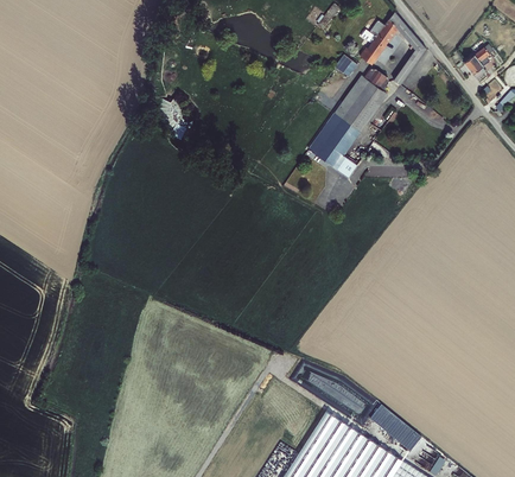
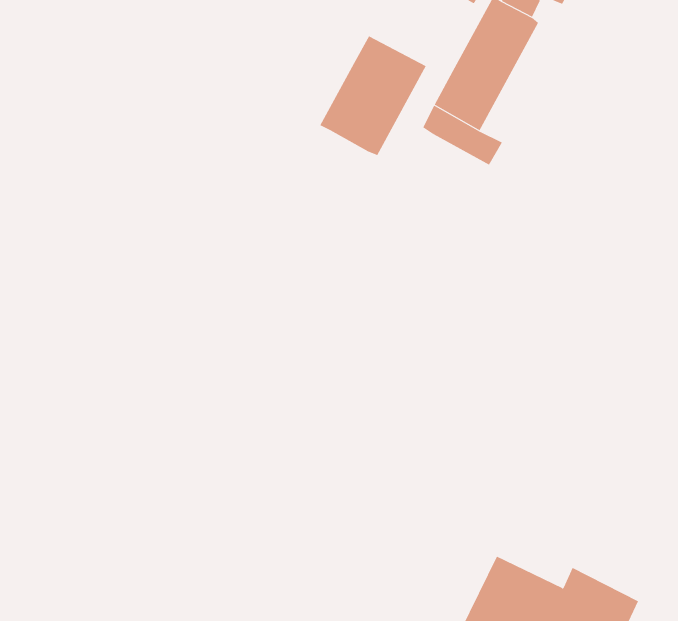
building: none -> [320,35,427,156]

